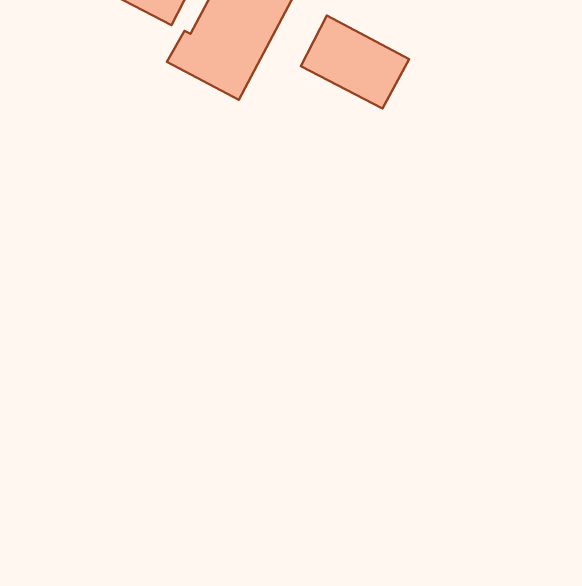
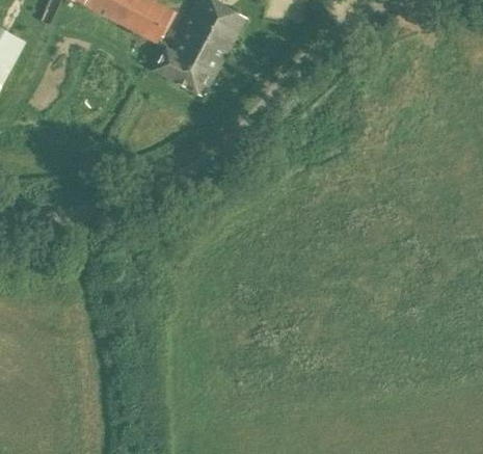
building: [301,16,409,109] -> none

